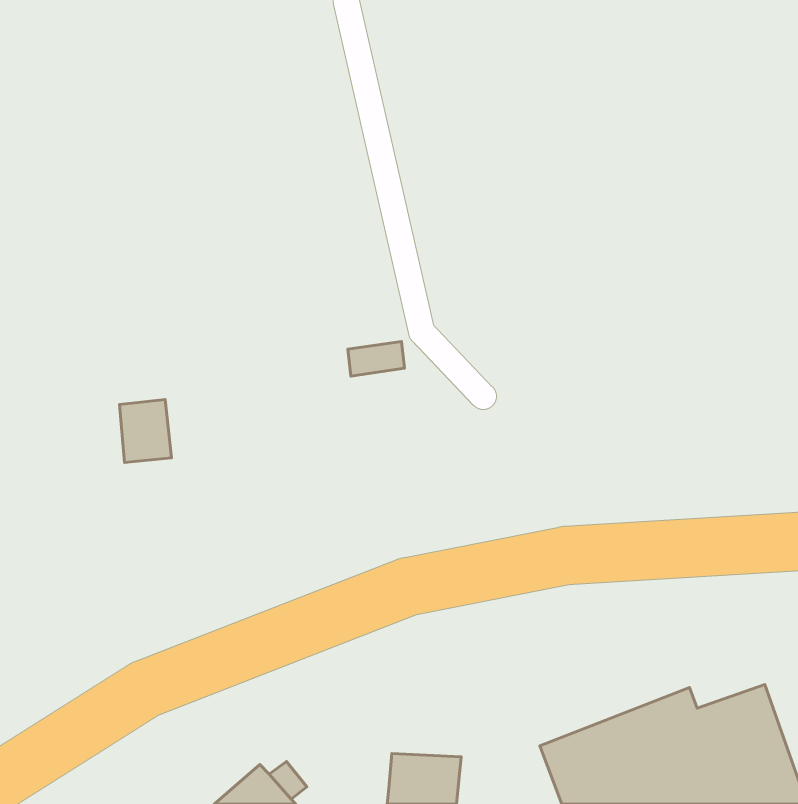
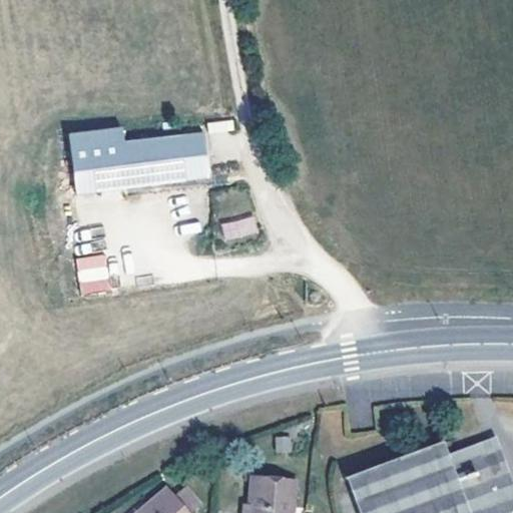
building: none -> [69,129,208,193]

